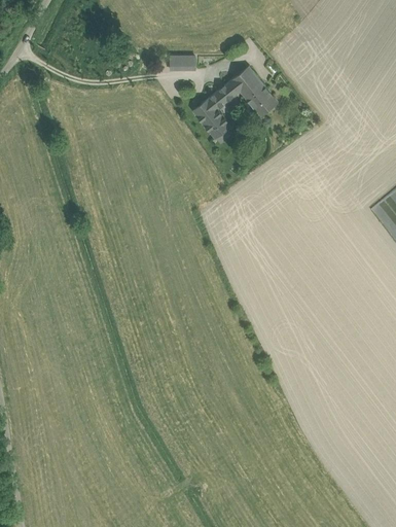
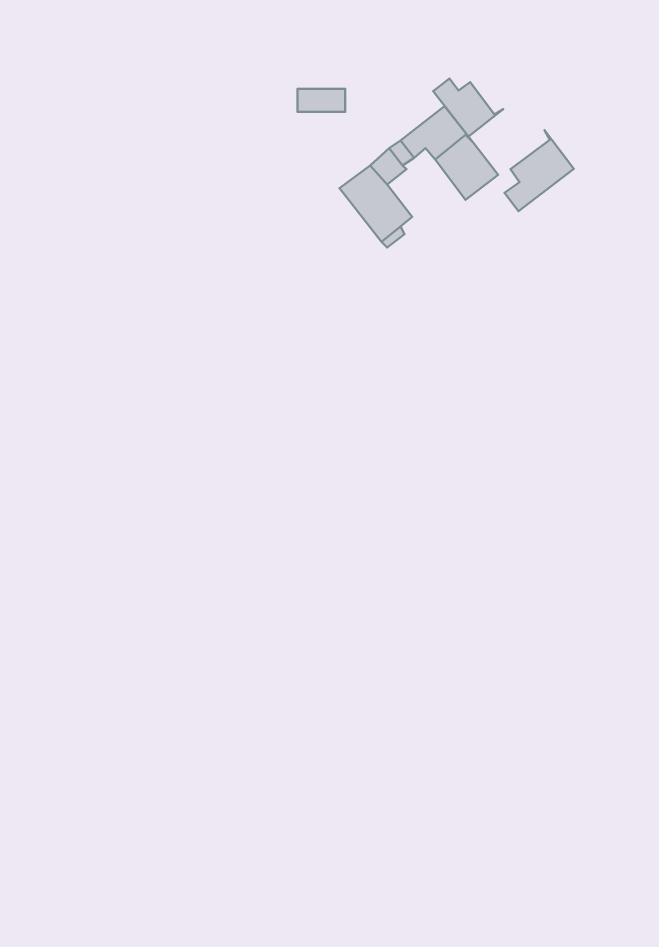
building: none -> [433,78,503,136]
building: none -> [505,130,574,211]

